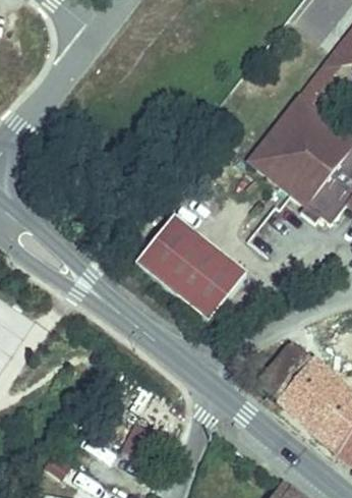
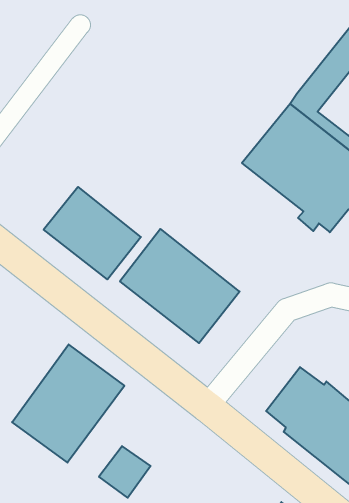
building: none -> [44,187,141,279]
building: none -> [12,344,124,463]

